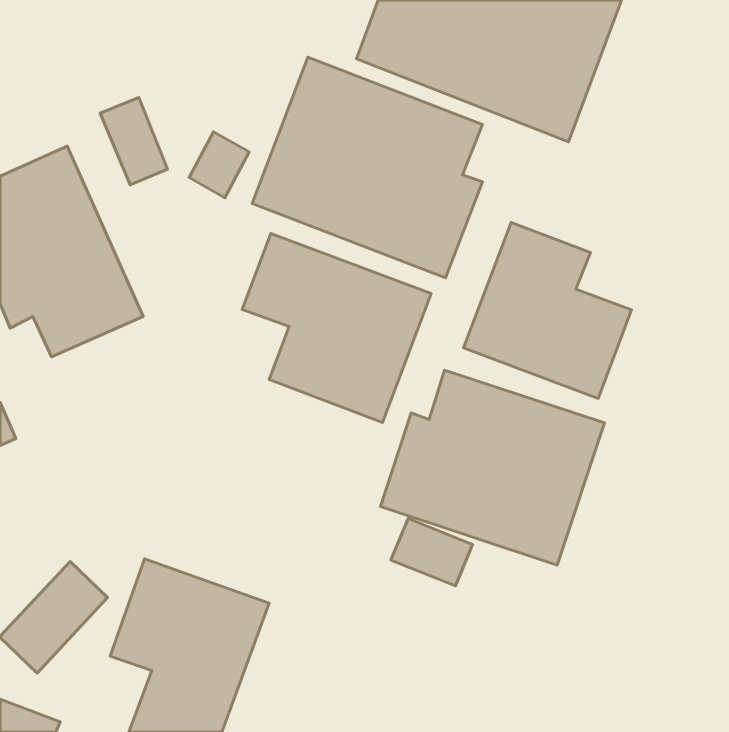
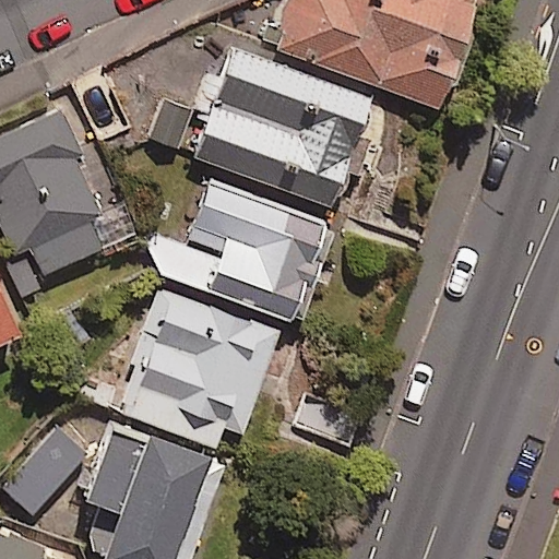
building: [463,222,631,399] -> none
building: [380,370,604,565] -> none
building: none -> [117,289,277,444]

